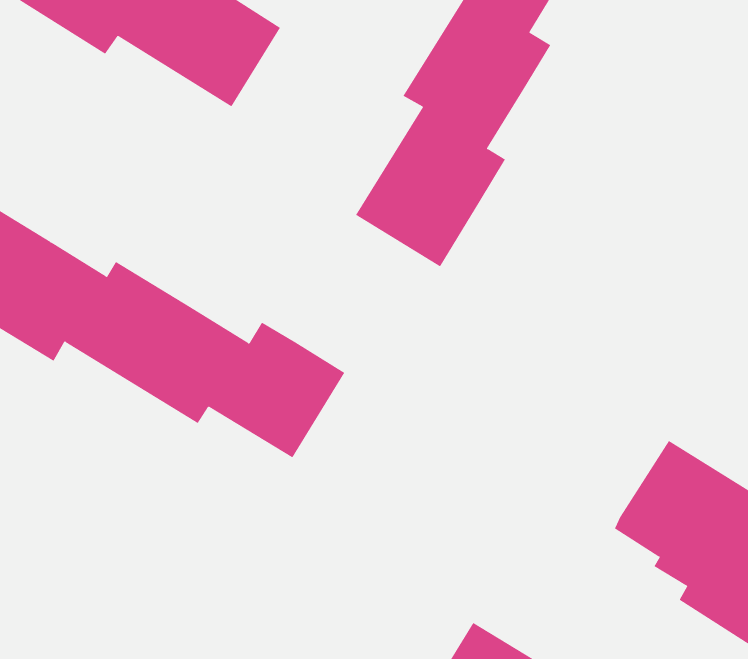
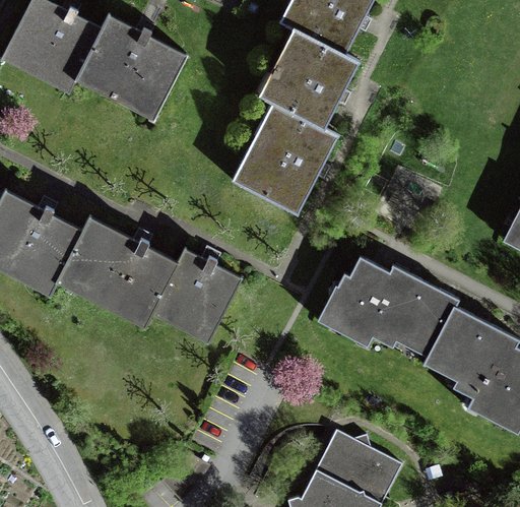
building: none -> [313,258,459,359]

